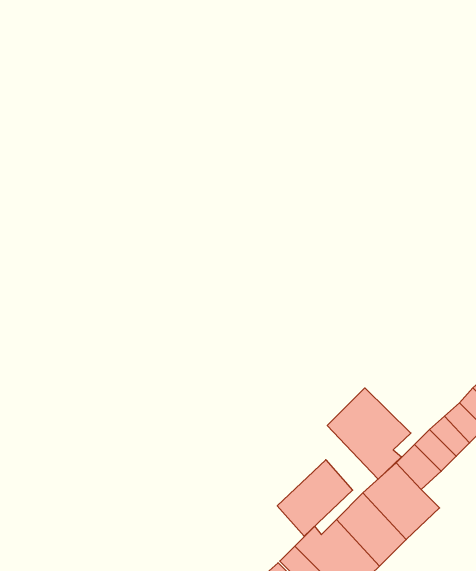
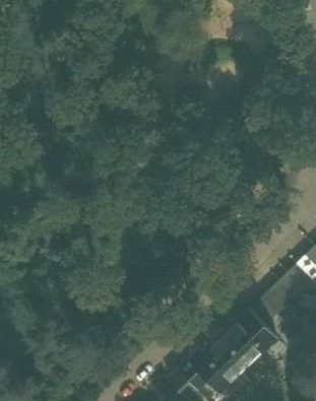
building: [327,388,411,479] -> none
building: [277,460,353,536] -> none

